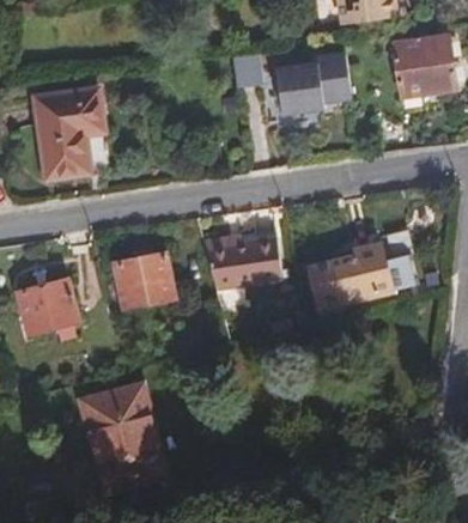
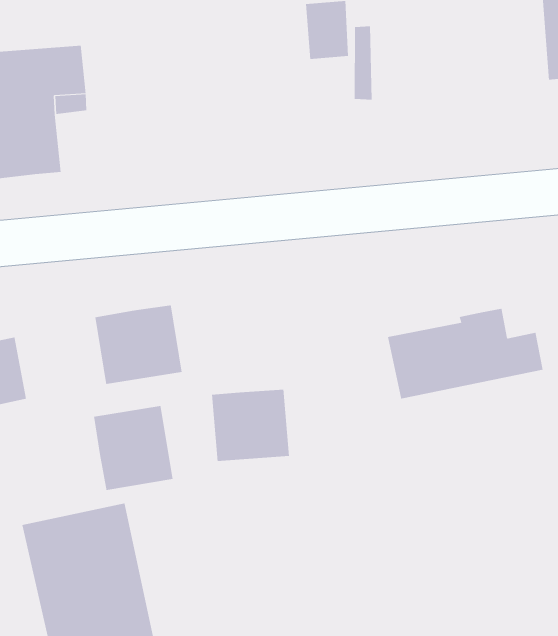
building: [290,51,361,108] -> none
building: [229,236,281,285] -> [211,389,290,462]
building: none -> [94,405,173,491]

